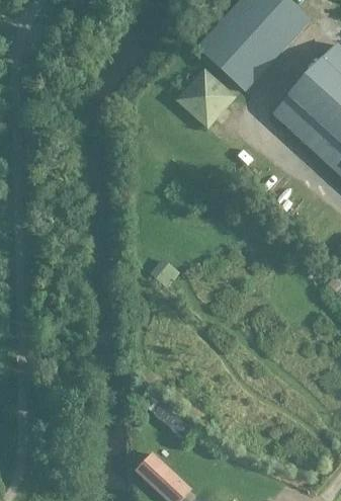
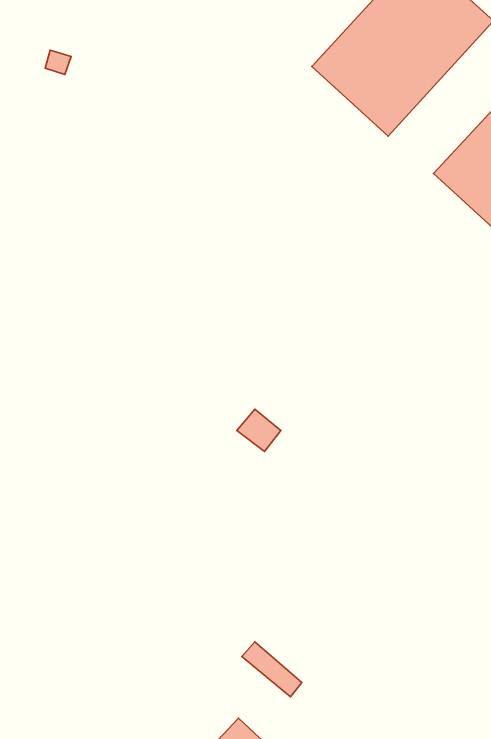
building: [176,67,237,129] -> none

